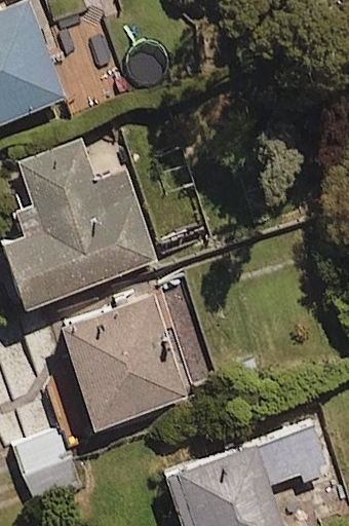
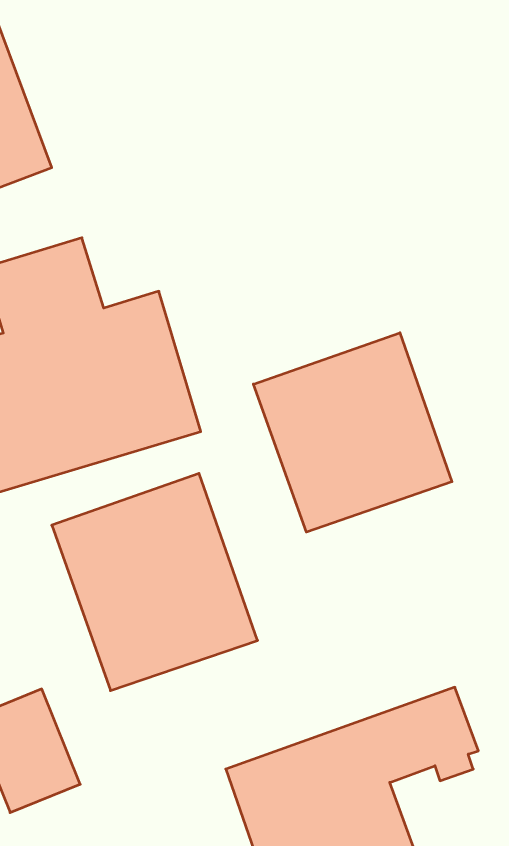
building: none -> [253,333,452,532]

